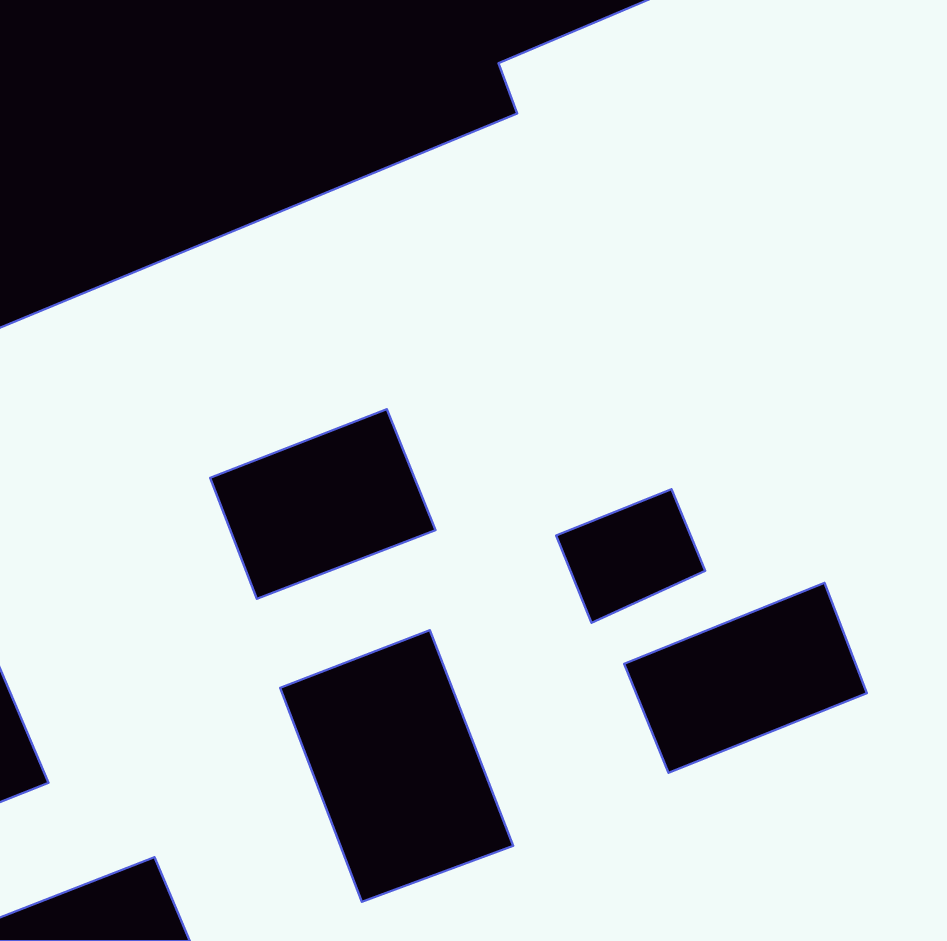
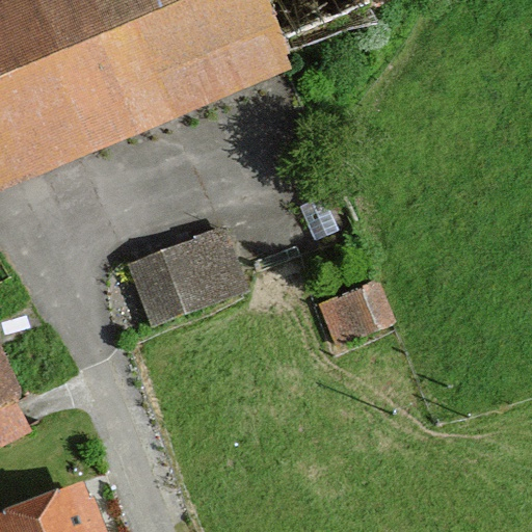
building: [624,583,867,773] -> none
building: [280,630,513,902] -> none

